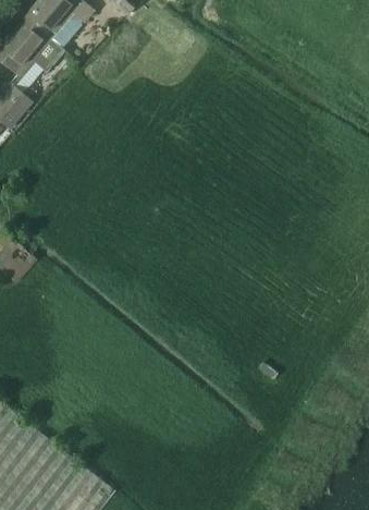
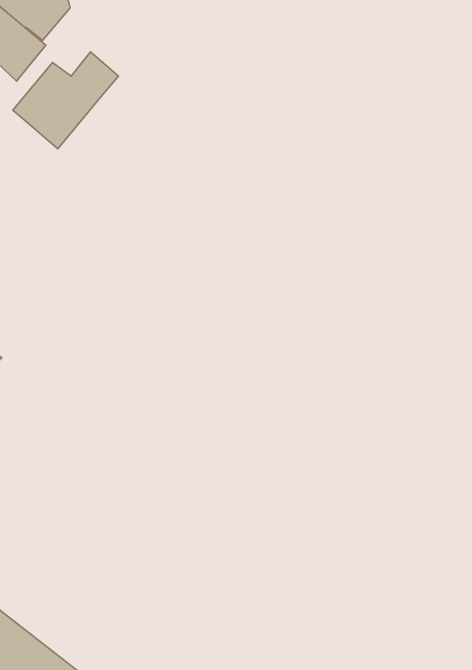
building: none -> [13,52,118,149]

